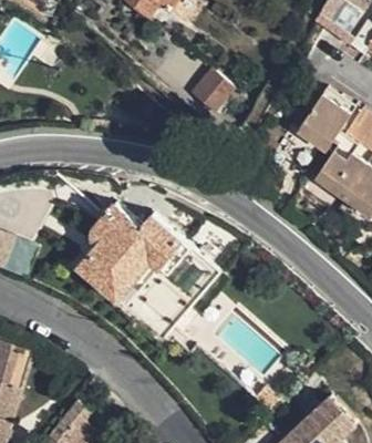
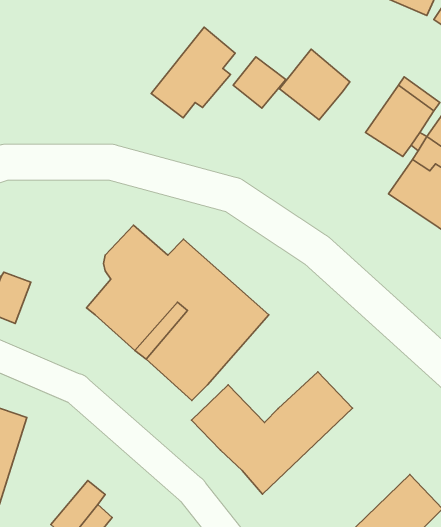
building: none -> [151,27,235,118]
building: none -> [280,49,350,120]
building: none -> [192,372,353,494]

